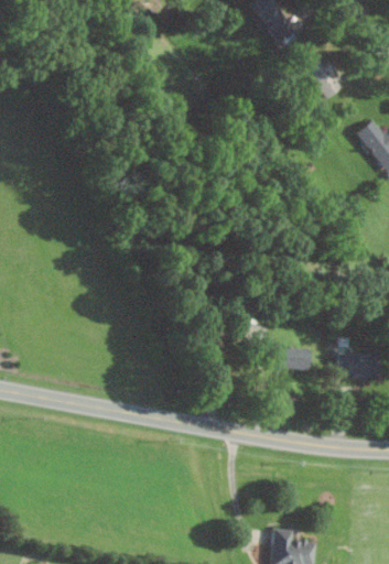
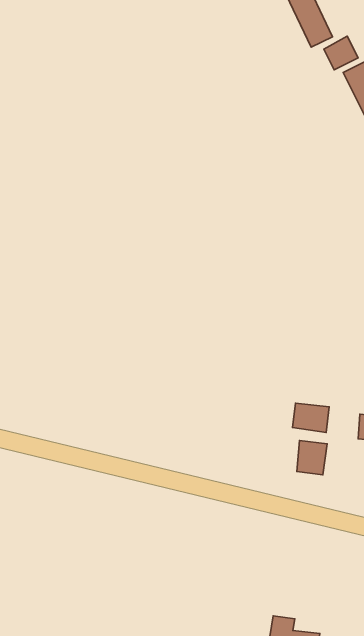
building: none -> [324,36,358,70]
building: none -> [297,441,327,475]

